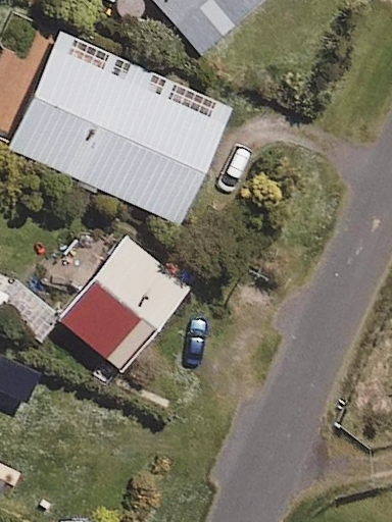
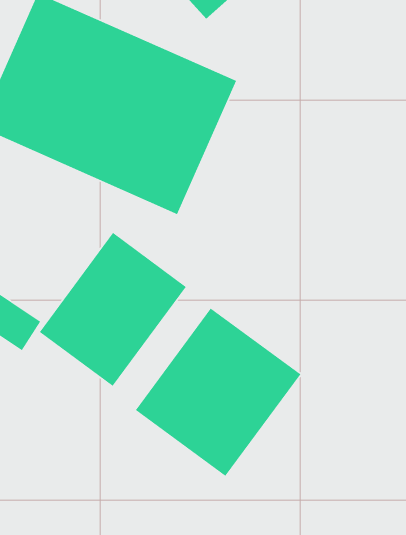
building: none -> [135,308,301,477]

